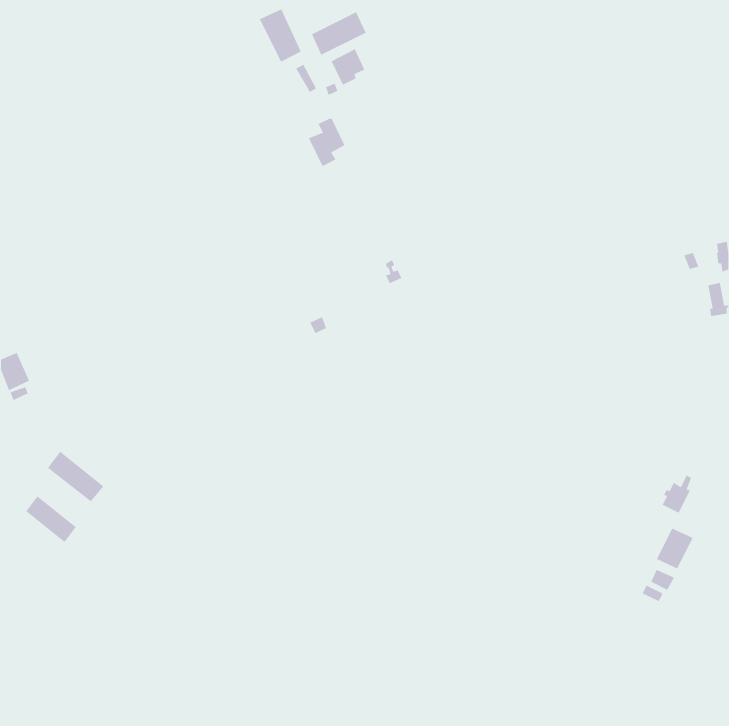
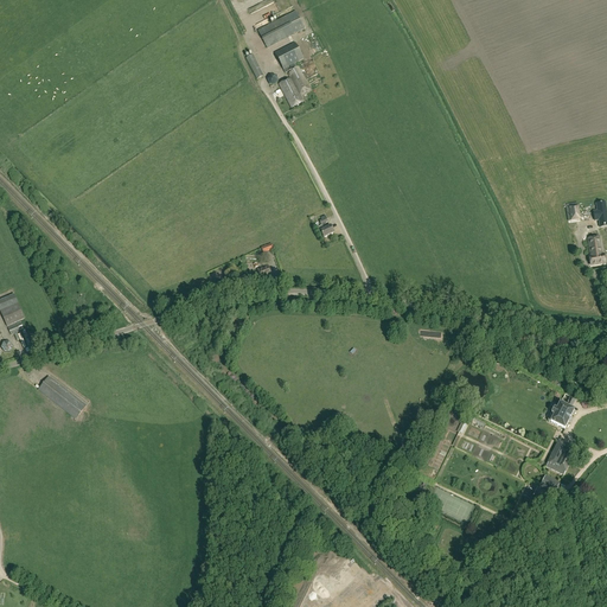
building: [259,9,302,63] -> none
building: [308,118,345,167] -> [279,65,309,106]
building: [26,495,77,543] -> none

